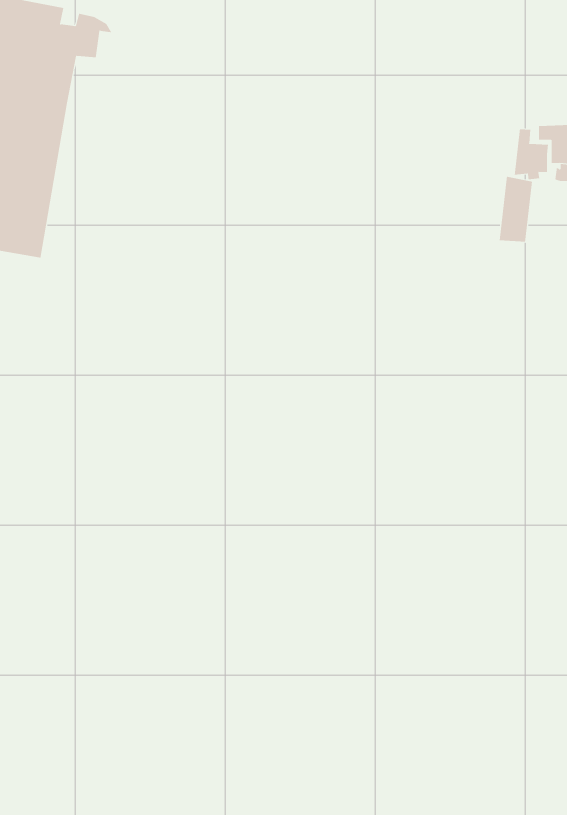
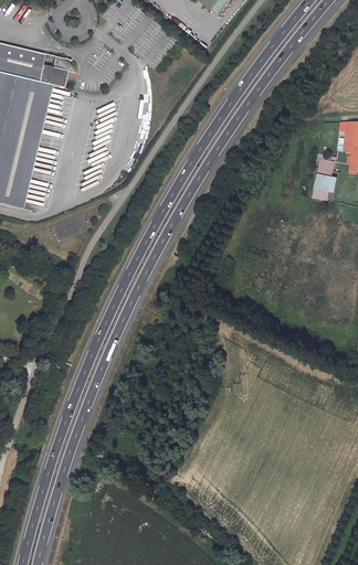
building: [514,128,548,180] -> none

